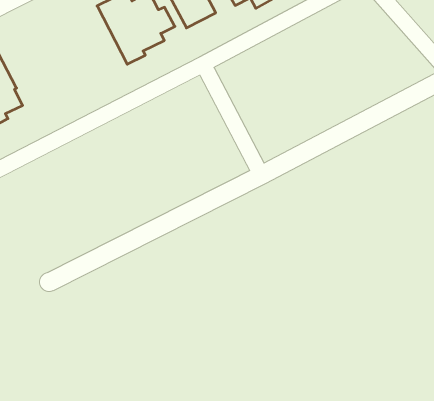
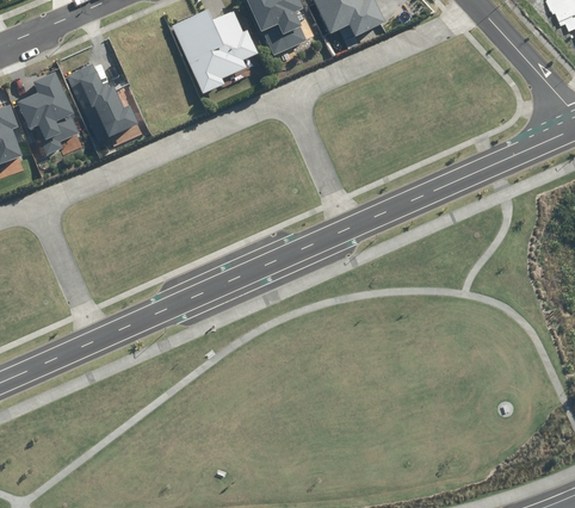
building: none -> [66,64,137,142]

